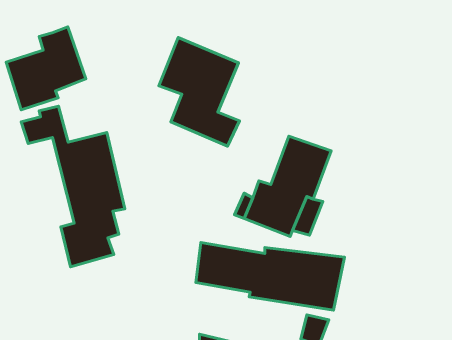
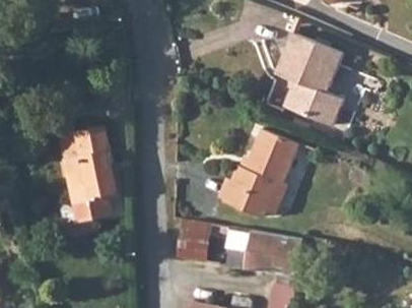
building: [6,27,86,110] -> none
building: [159,37,240,146] -> [271,33,339,124]

